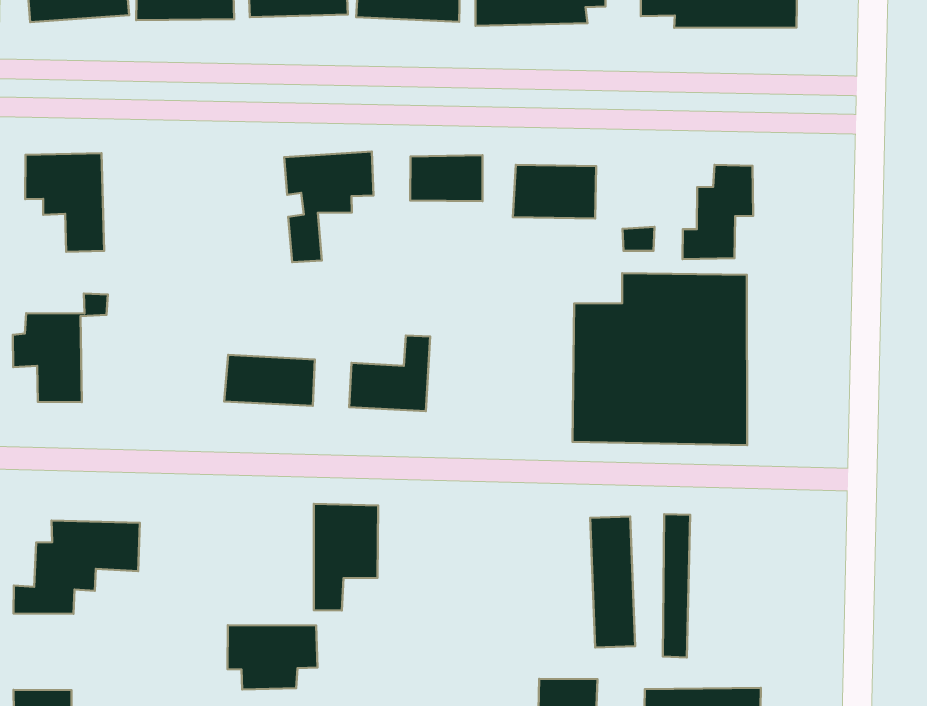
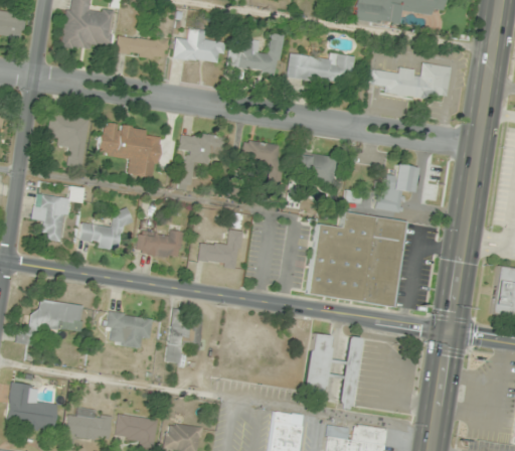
building: none -> [99,121,162,178]
building: none -> [80,209,132,250]
building: [228,625,318,689] -> [106,311,153,347]

